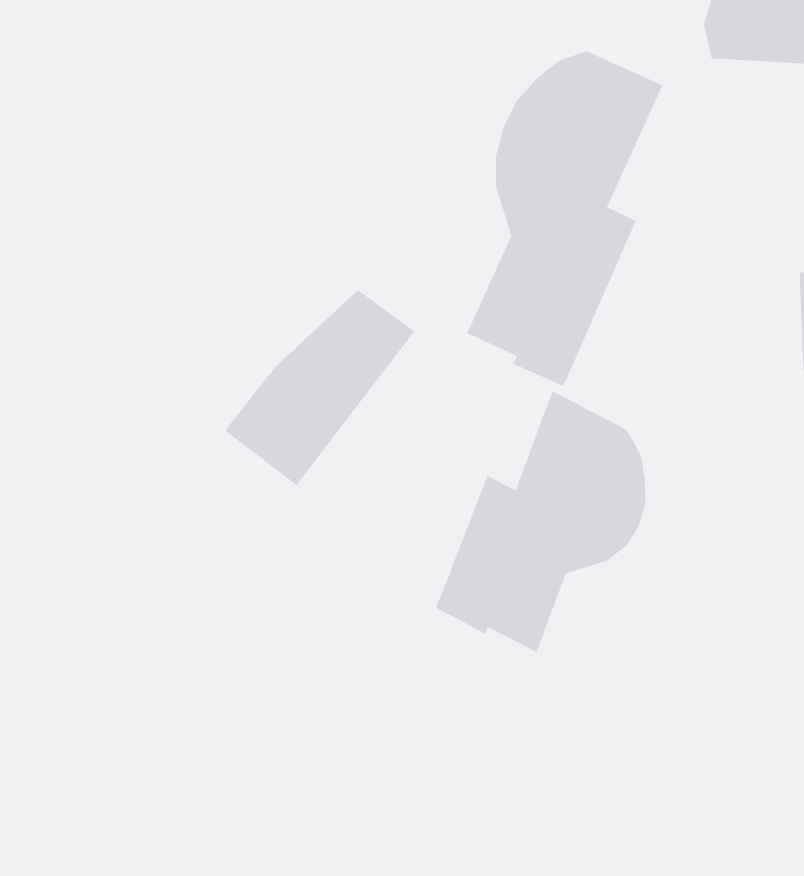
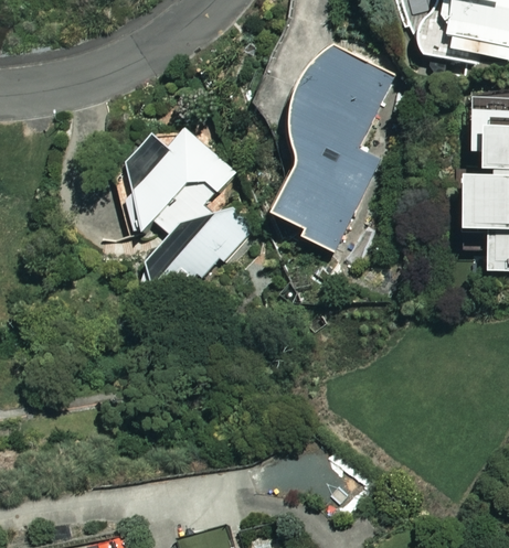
building: none -> [124,123,234,237]
building: [436,390,646,653] -> none

